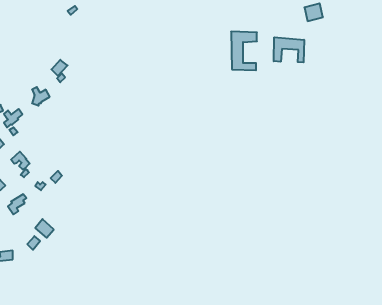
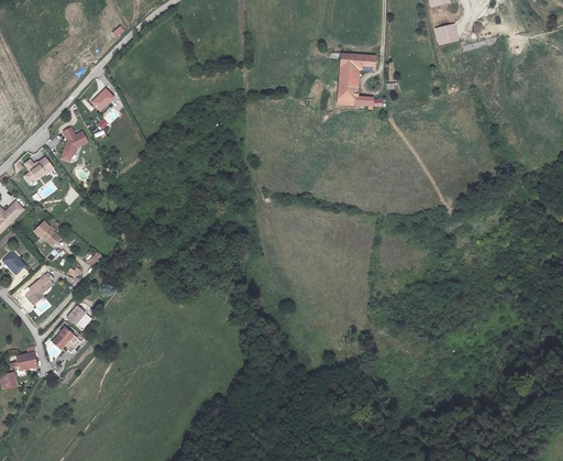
building: [274,37,304,62] -> none

